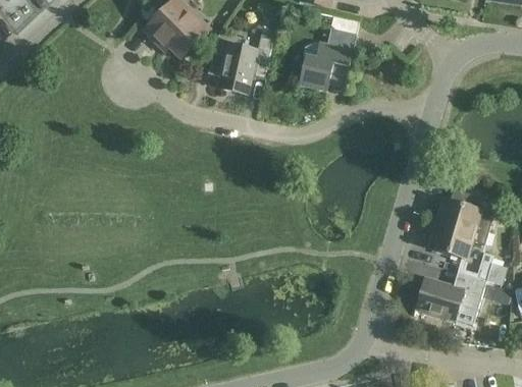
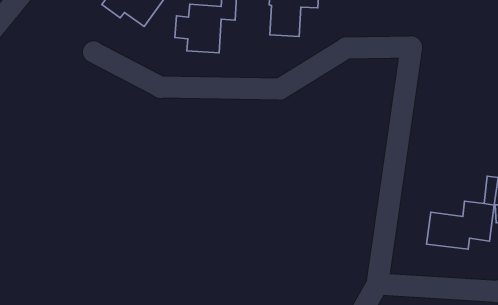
building: [429,189,497,258] -> none

